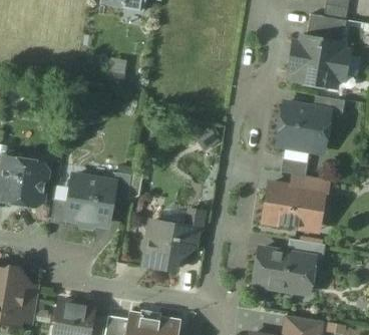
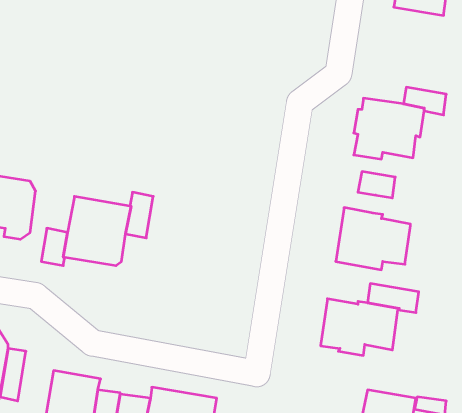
building: [290,37,347,87] -> none
building: [291,175,329,198] -> none
building: [142,211,203,271] -> none

